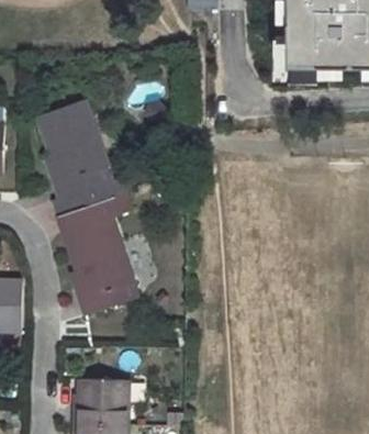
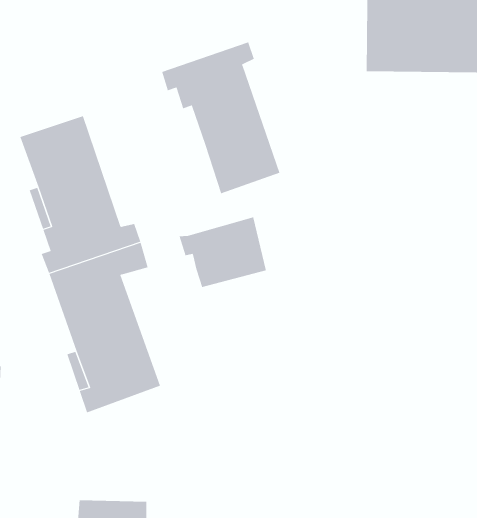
building: none -> [162,42,280,194]
building: none -> [179,217,266,288]

